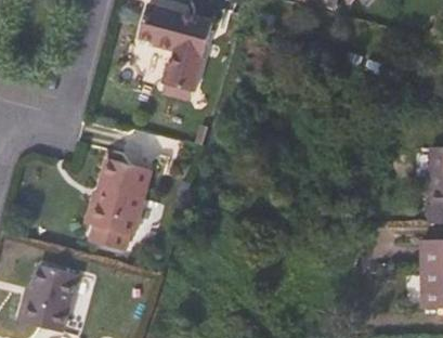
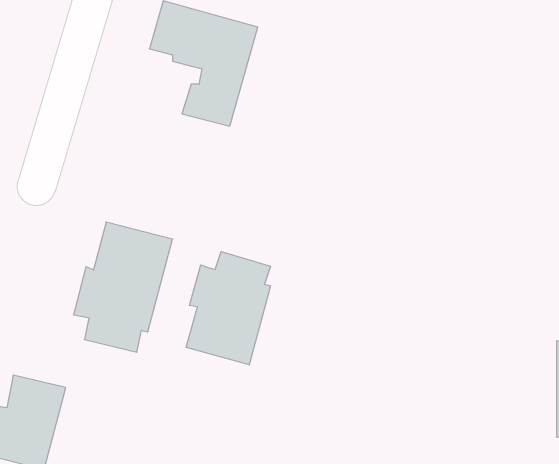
building: none -> [186,252,270,365]

